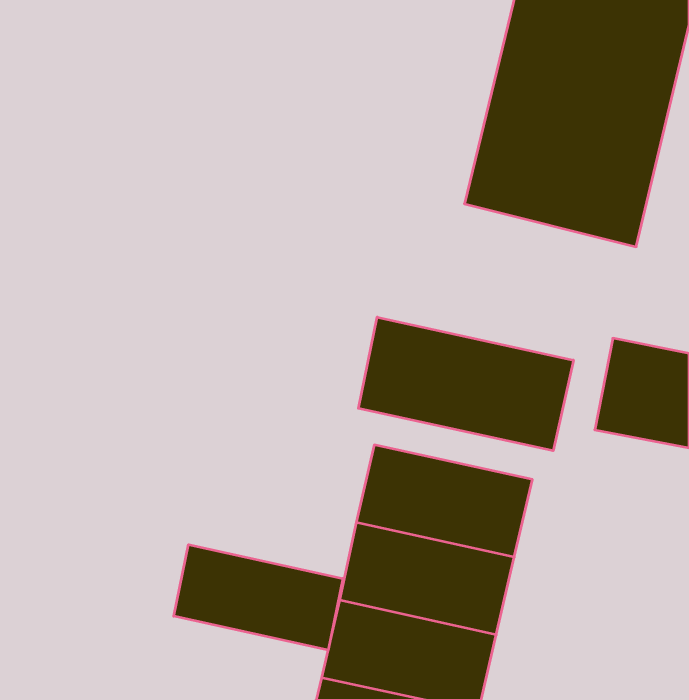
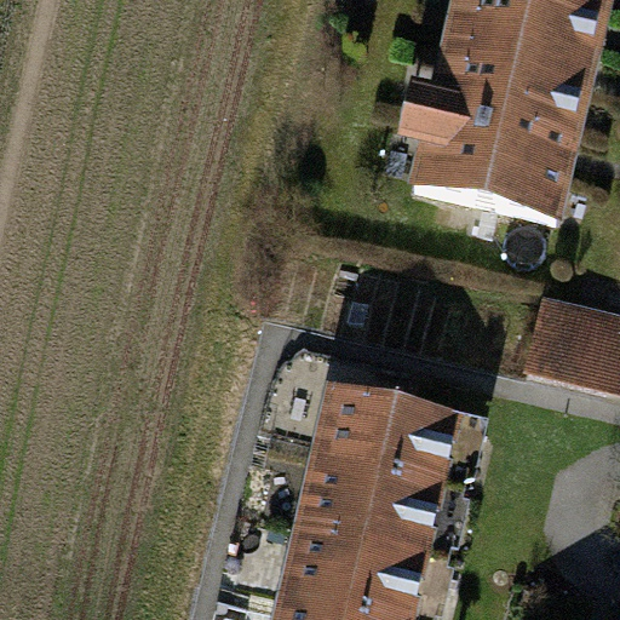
building: [358,317,573,451] -> none
building: [174,545,343,650] -> none

